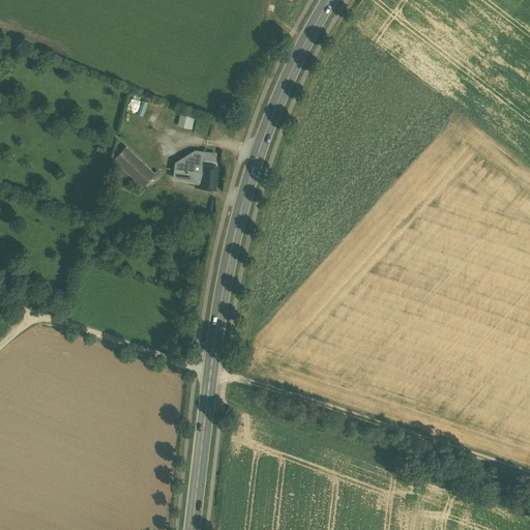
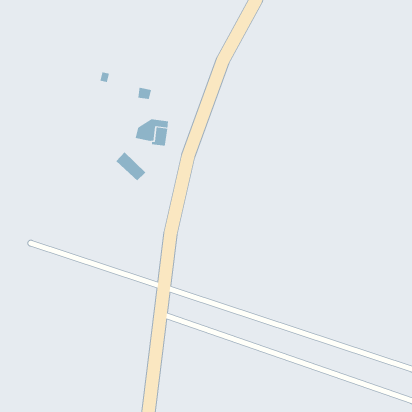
building: [114,146,153,184] -> [115,151,146,181]

